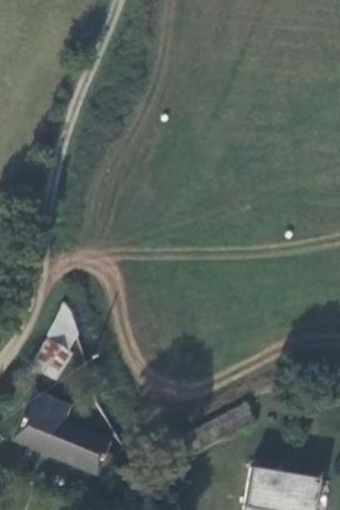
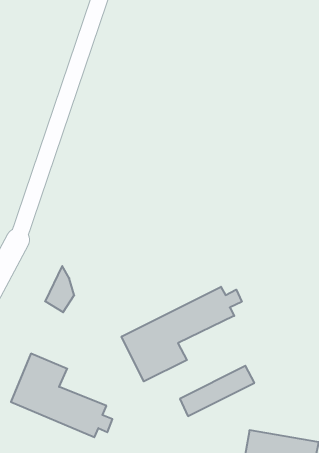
building: none -> [122,287,242,381]
building: [33,340,71,380] -> none

